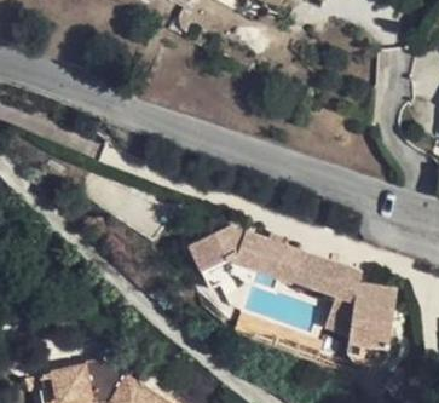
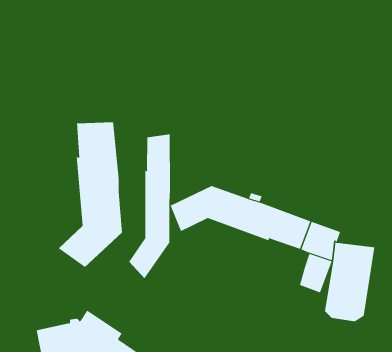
building: none -> [58,121,122,268]
building: none -> [128,134,171,279]

